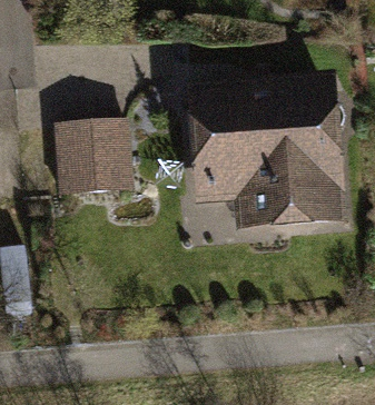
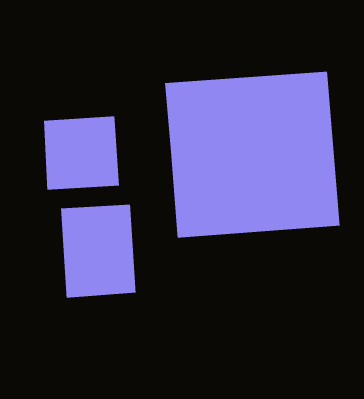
building: none -> [61,204,136,299]

